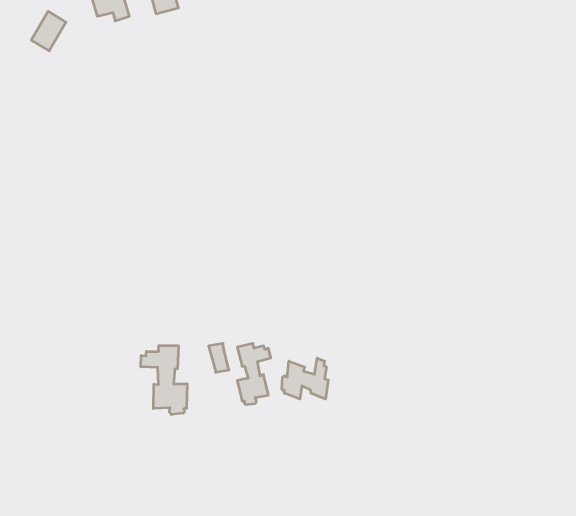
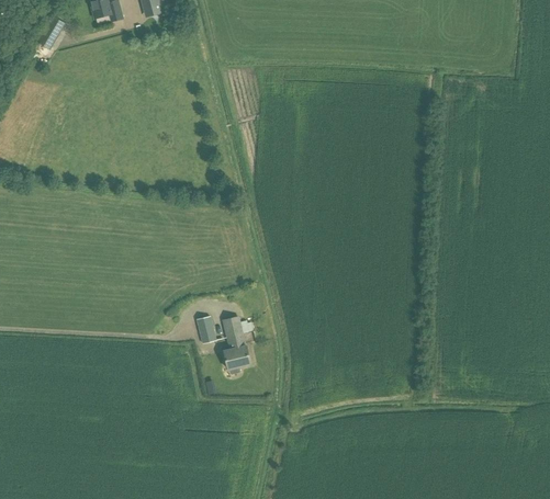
building: [141,346,187,415] -> none
building: [282,358,328,399] -> none

